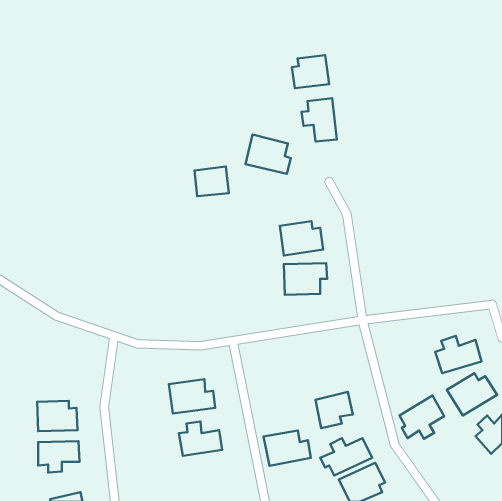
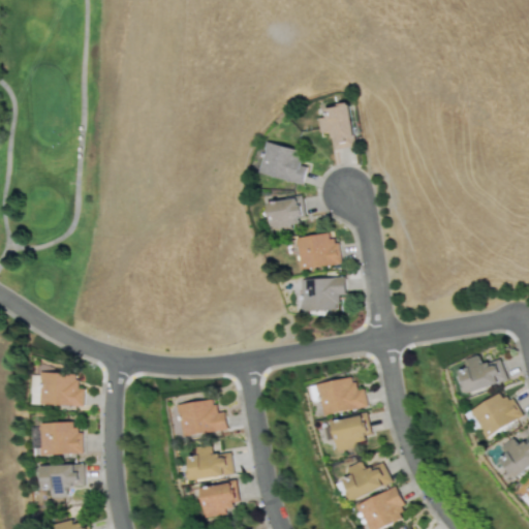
building: [292,55,329,88] -> none
building: [194,167,229,196] -> [267,198,303,229]
building: none -> [30,373,83,406]
building: [399,396,444,439] -> none
building: [264,430,311,466] -> [317,378,367,415]
building: none -> [200,481,240,518]

